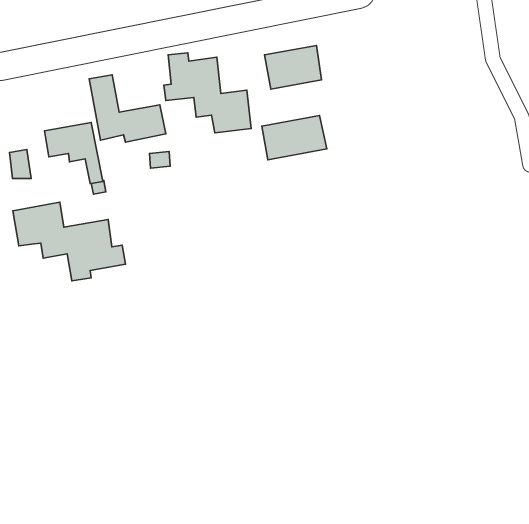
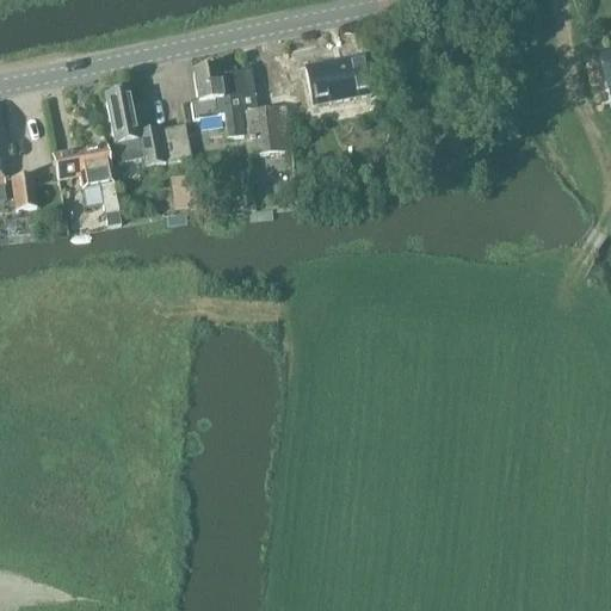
building: [262,116,327,160] -> none
building: [13,202,126,281] -> none

